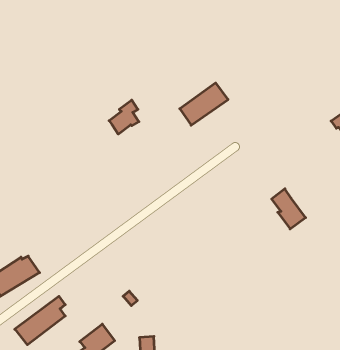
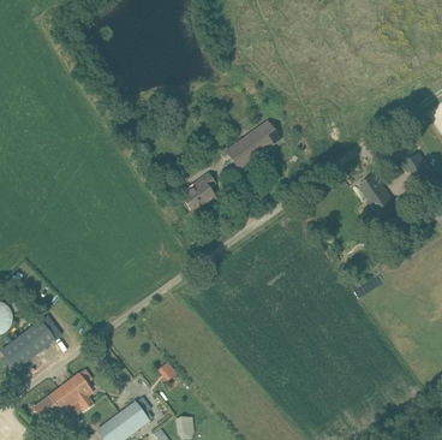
building: [109,100,139,134] -> [180,172,215,212]
building: [272,189,306,229] -> [357,172,396,219]

